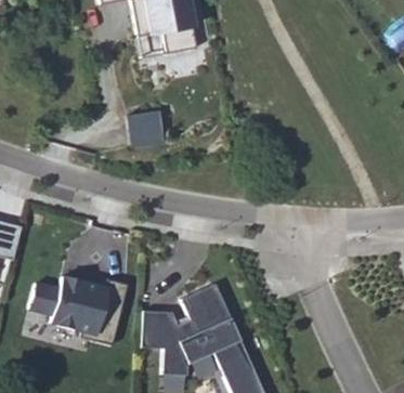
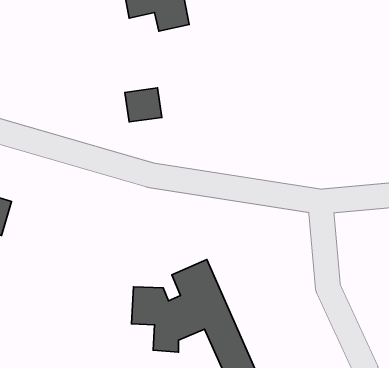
building: [30,276,128,344] -> none

